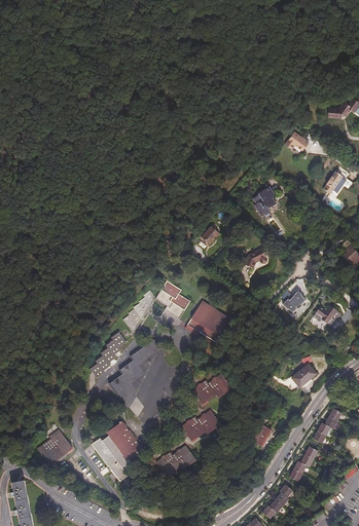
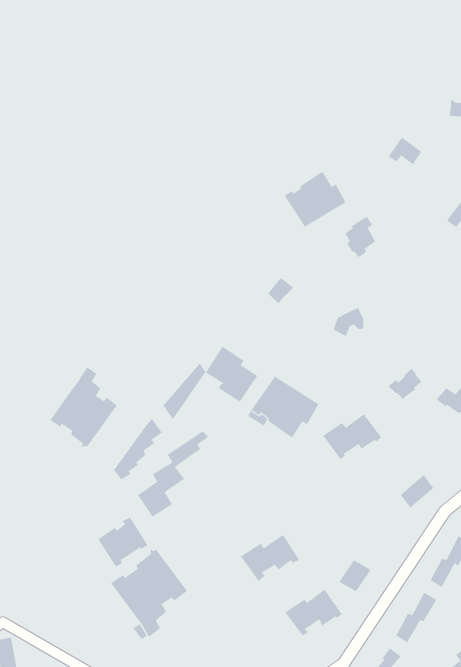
building: none -> [284,171,346,228]
building: none -> [49,366,118,448]
building: [192,372,234,404] -> [322,414,382,460]
building: [38,427,73,462] -> [98,517,148,567]
building: [156,443,196,476] -> [285,589,343,637]

